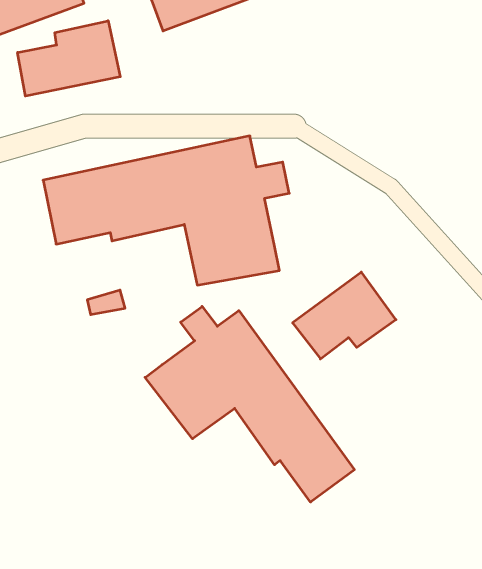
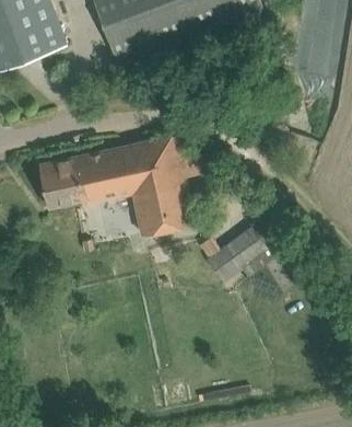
building: [18,21,120,96] -> none
building: [145,306,354,502] -> none

